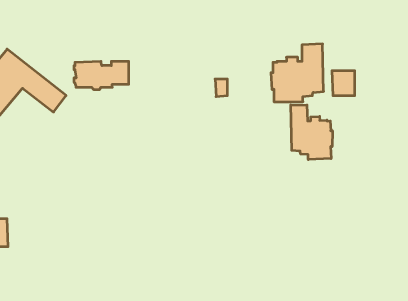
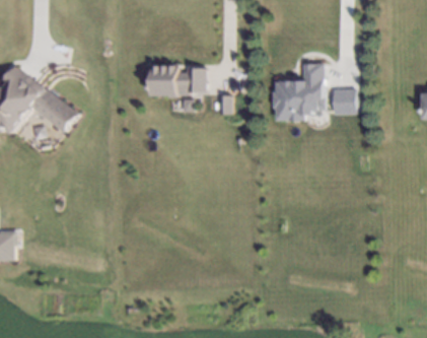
building: [74,61,129,89] -> [151,69,205,96]
building: [291,105,332,160] -> none

